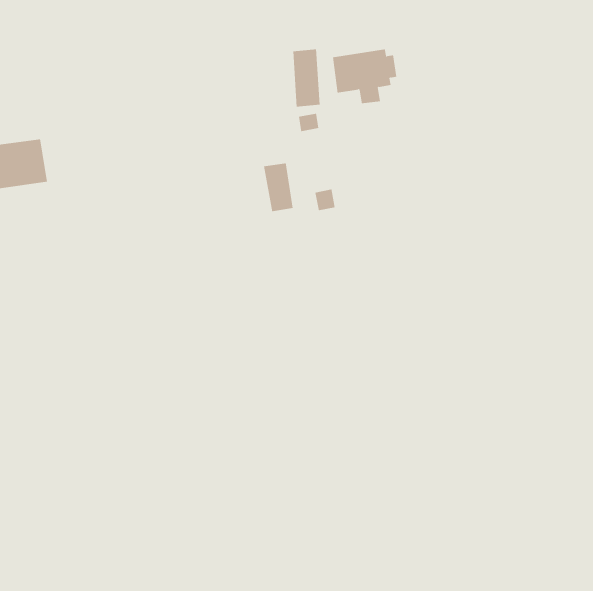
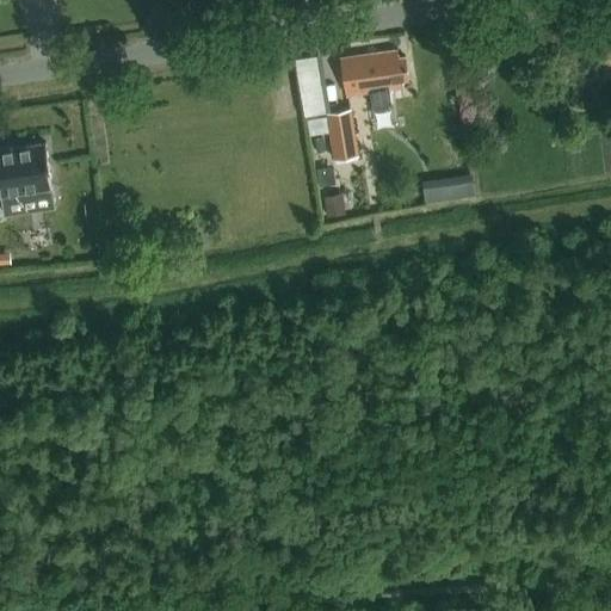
building: [263,163,294,212] -> [327,111,358,161]
building: none -> [426,177,476,199]

